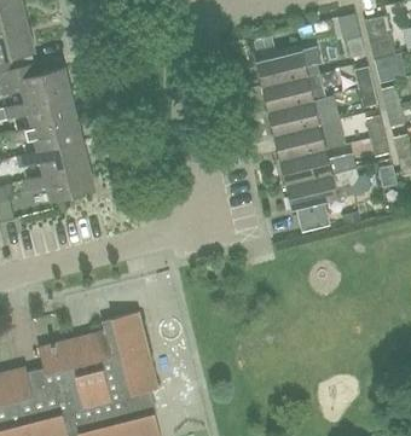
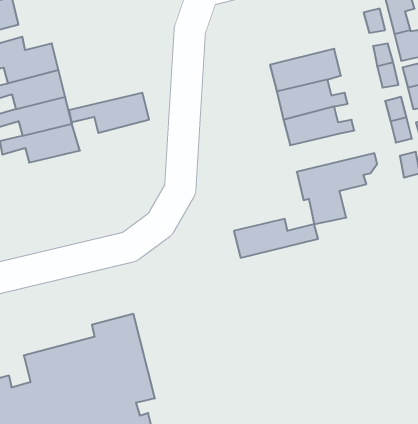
building: [255,39,323,87] -> none
building: [279,149,355,184] -> [234,219,318,258]
building: [23,164,95,200] -> [69,93,149,133]

